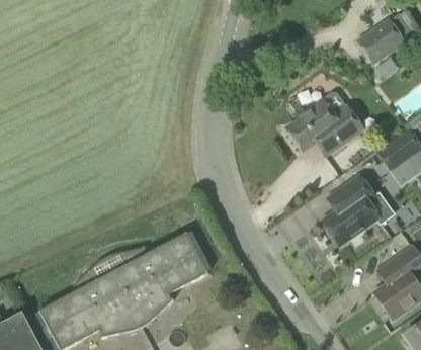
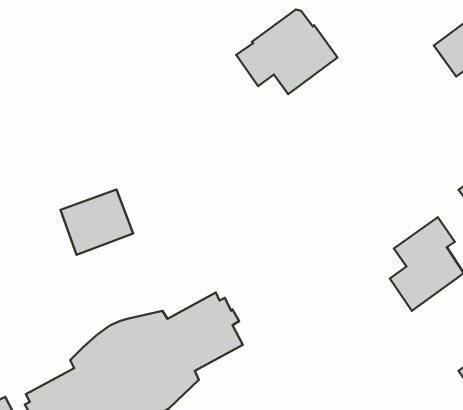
building: [284,92,363,158] -> [236,9,338,94]
building: none -> [60,190,133,255]

